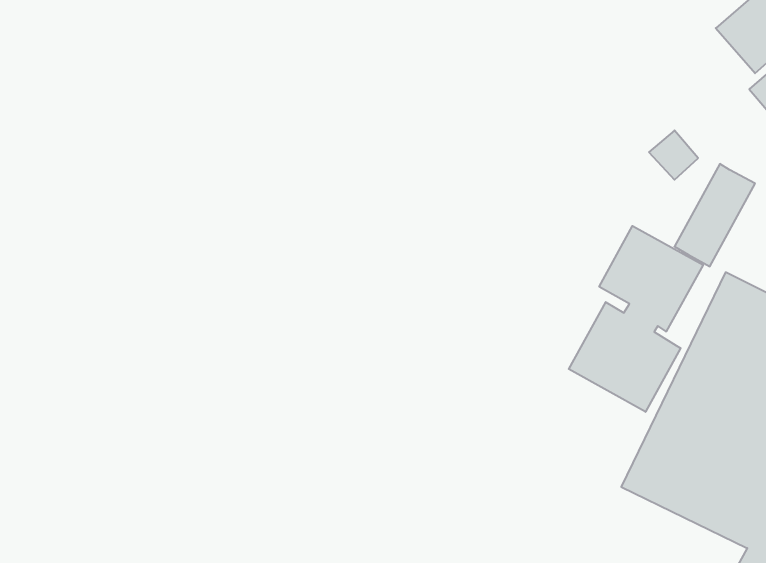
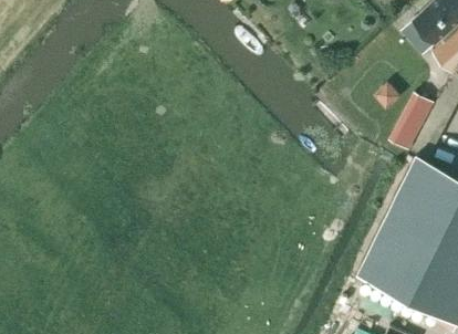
building: [569,226,703,412] -> none

